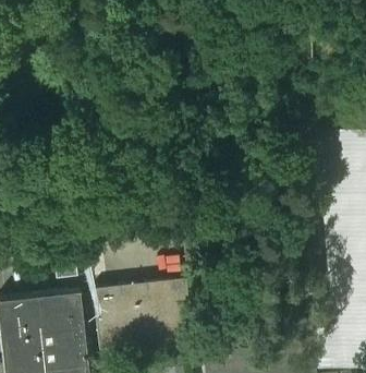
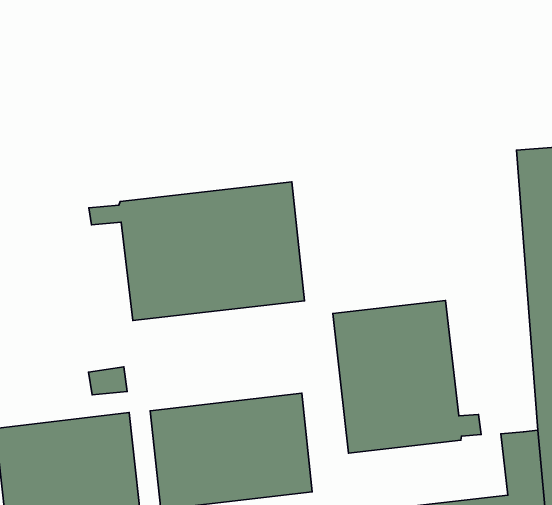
building: none -> [89,182,304,321]
building: none -> [333,300,481,453]

